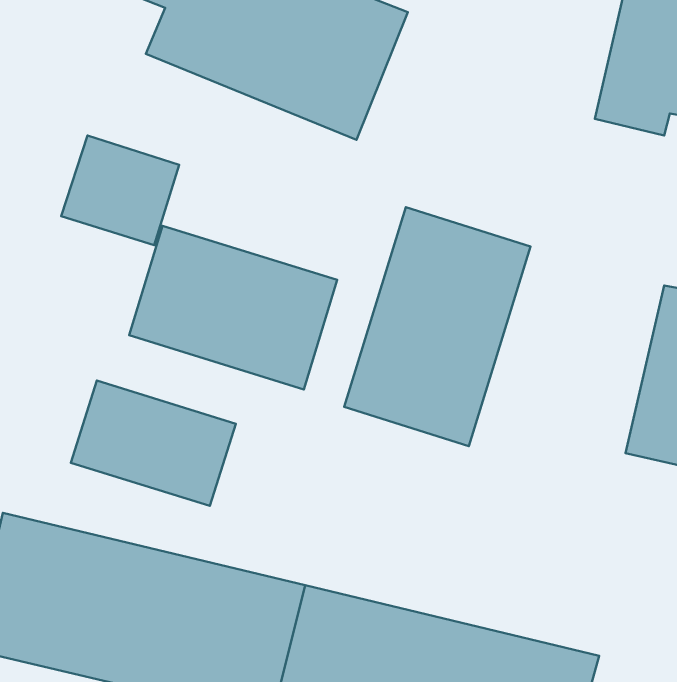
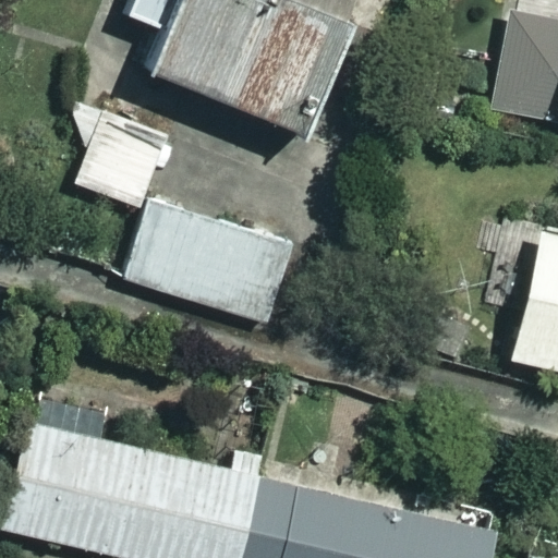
building: [344,207,531,446] -> none
building: [71,381,236,506] -> none

